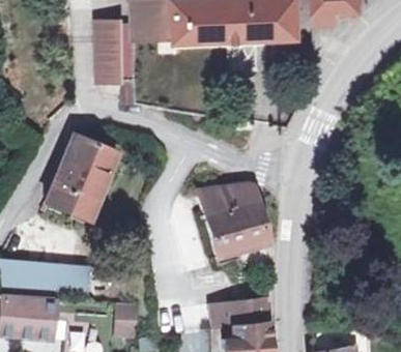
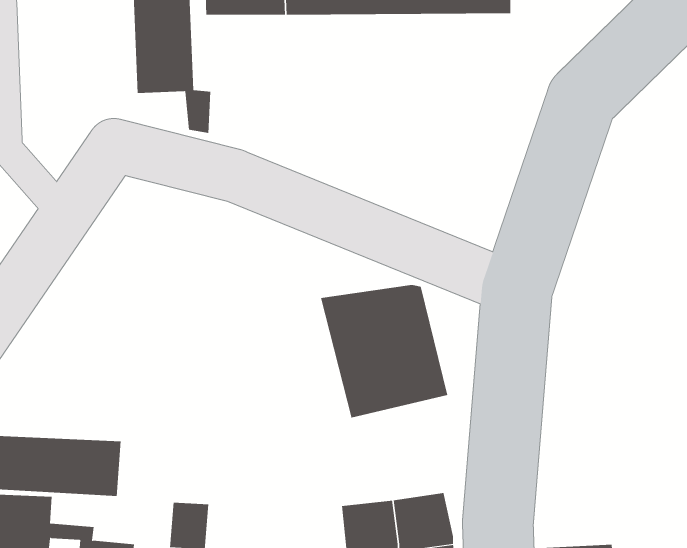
building: [50,143,117,225] -> none

